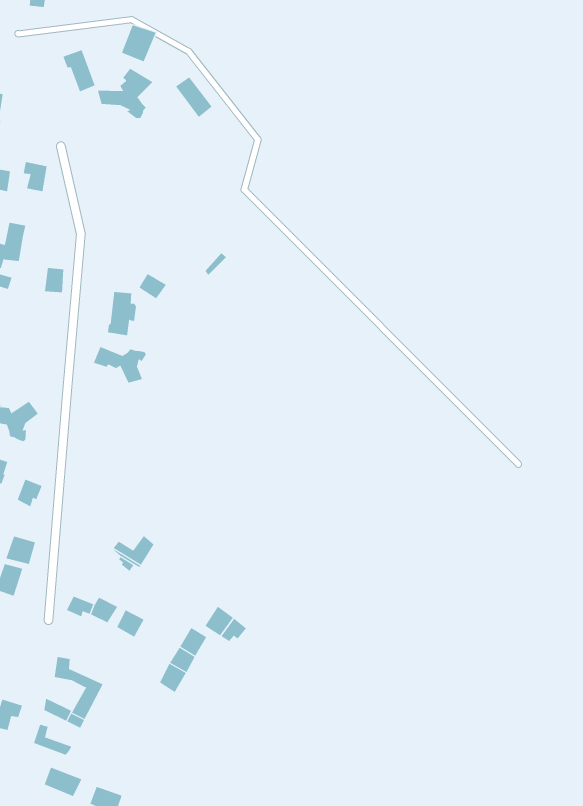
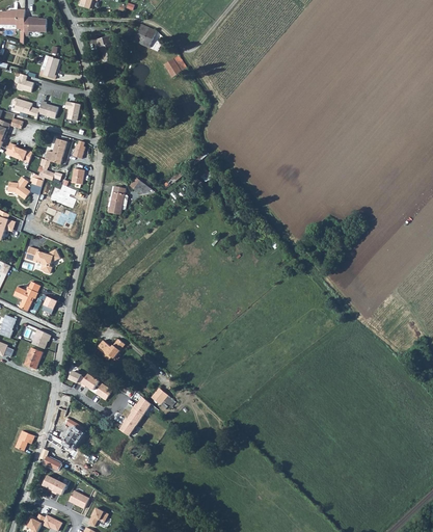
building: [97,68,153,119] -> none
building: [93,346,146,384] -> none

